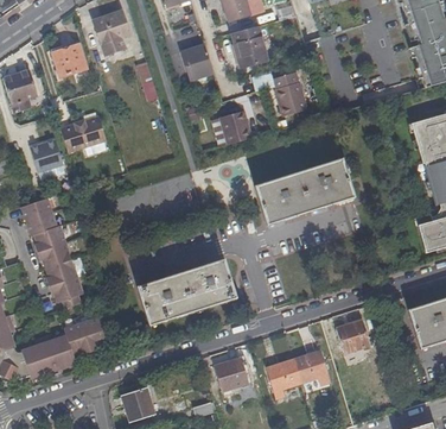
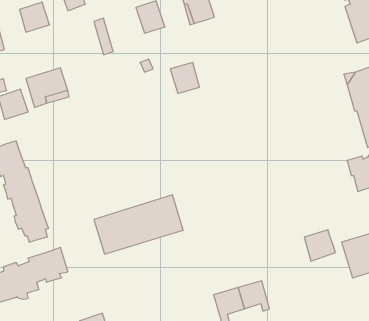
building: [272,70,307,116] -> none
building: [254,159,352,225] -> none
building: [336,320,370,354] -> [304,230,335,261]
building: [215,358,248,391] -> none

